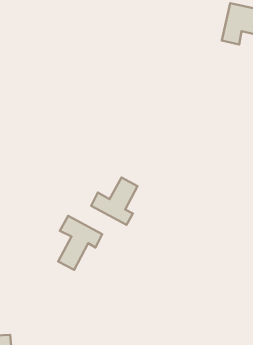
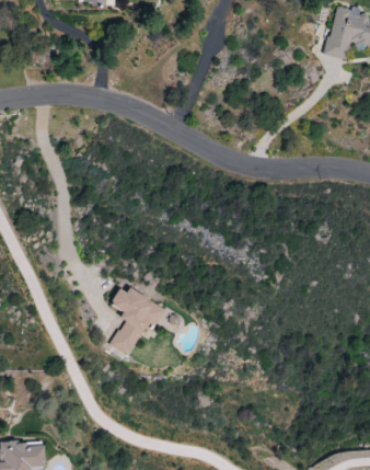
building: [91,177,138,225] -> none

